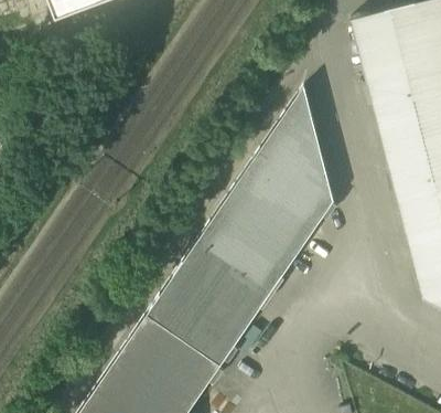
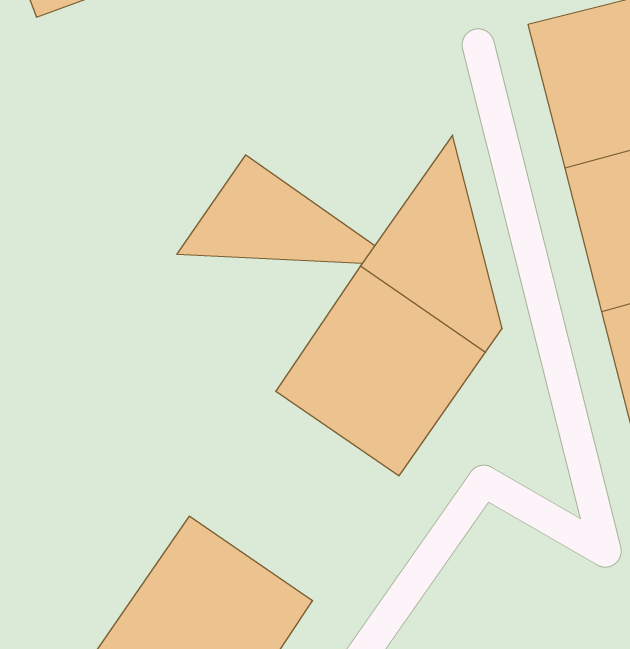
building: none -> [177,155,375,263]
building: [147,239,272,364] -> none

